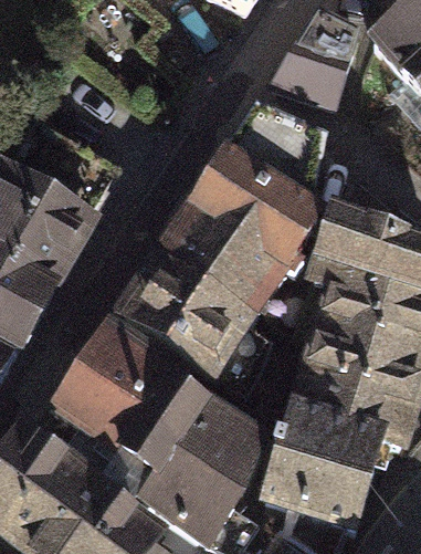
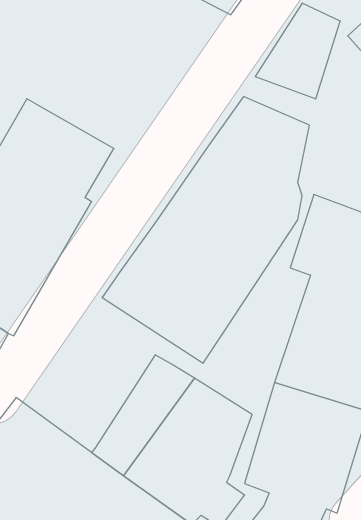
building: [41,322,189,475] -> none

